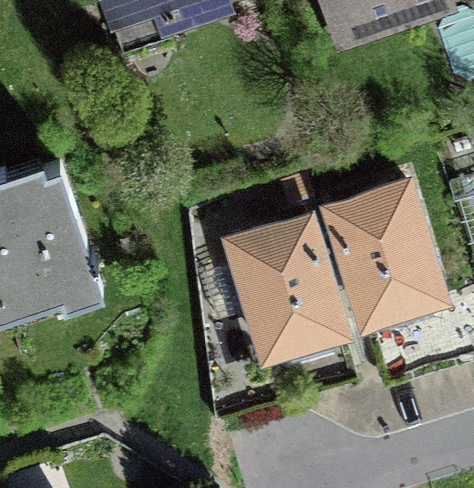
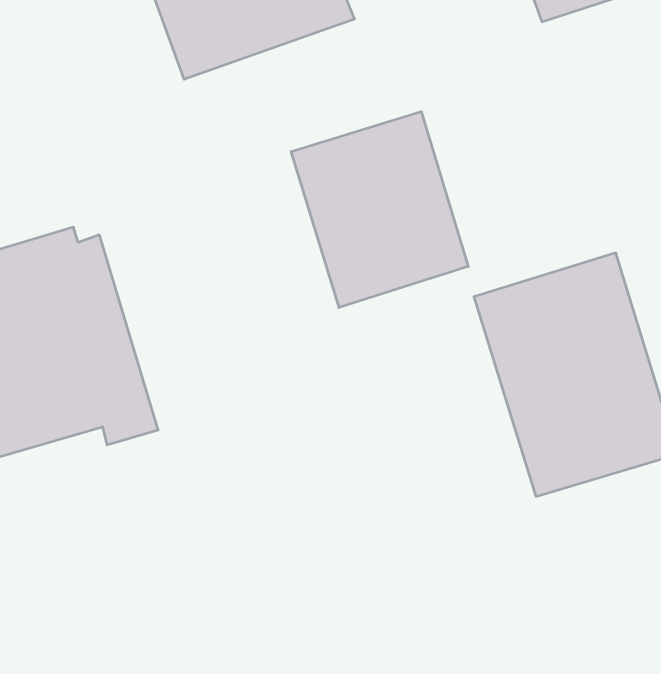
building: none -> [291,112,468,308]
building: [219,214,351,372] -> none

